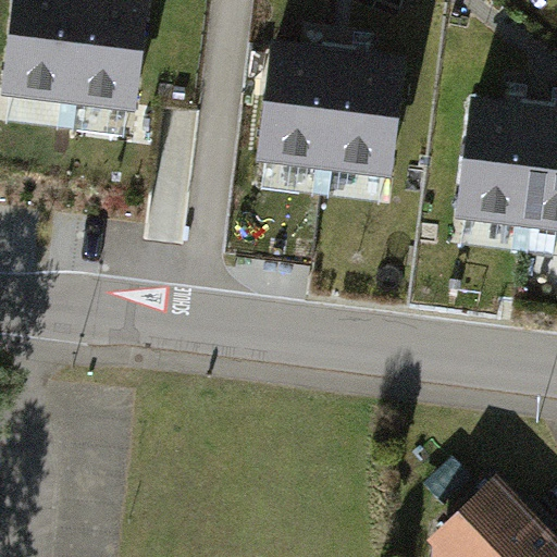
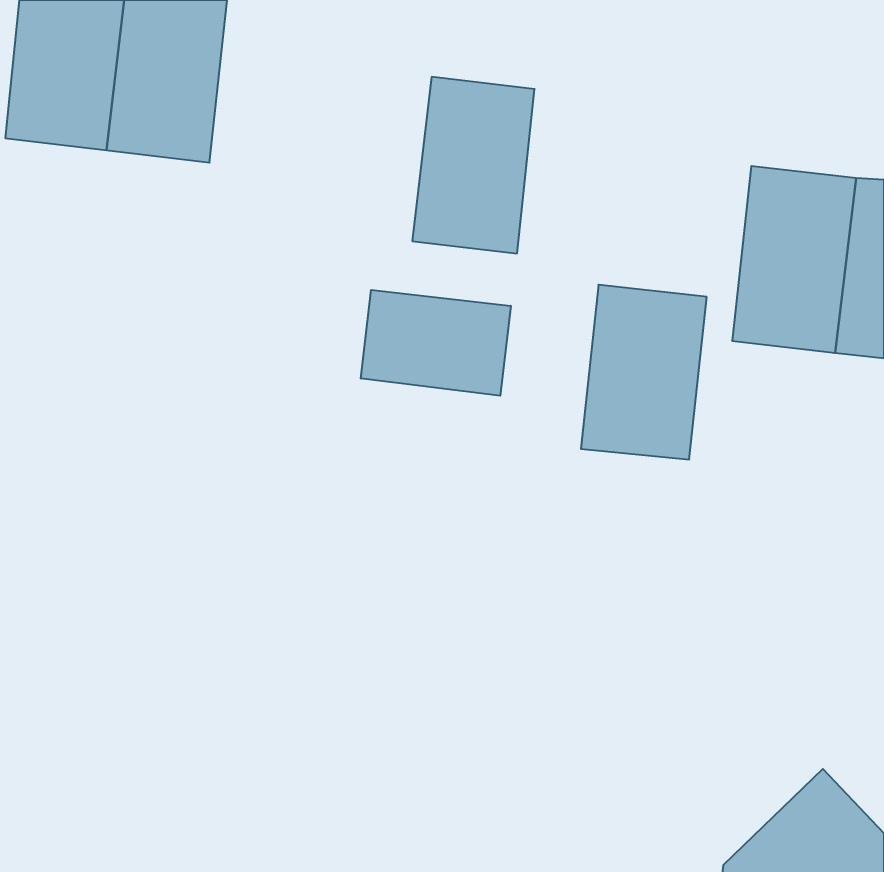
building: [322,69,400,177] -> [581,285,707,459]
building: none -> [361,290,511,396]

